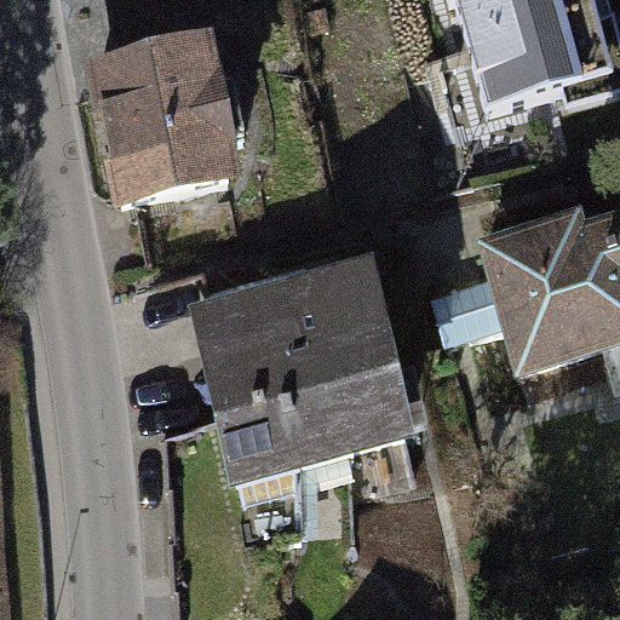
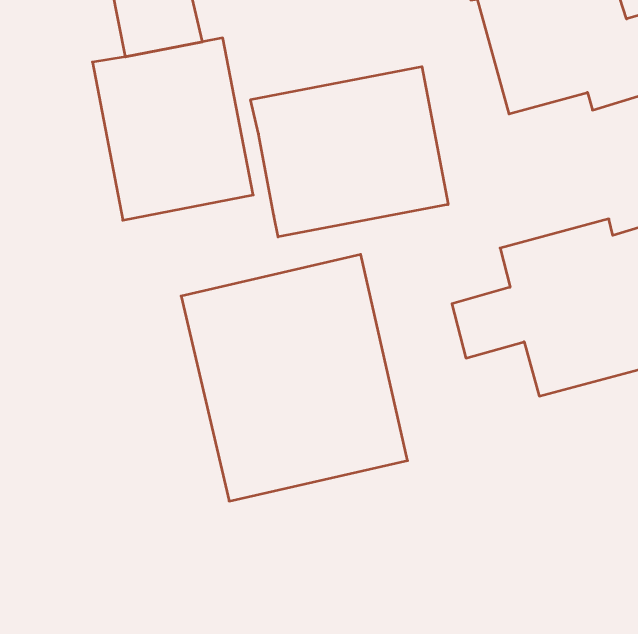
building: none -> [251,67,448,237]

